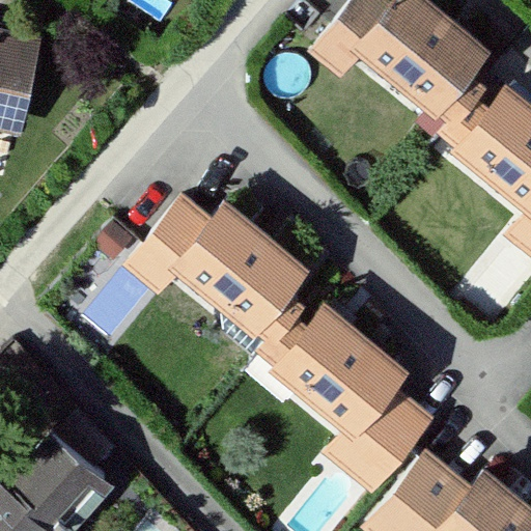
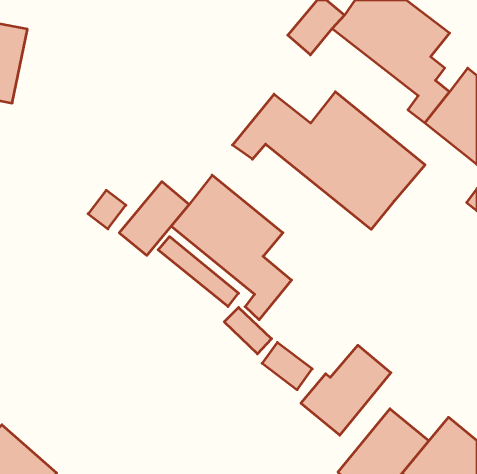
building: none -> [232,92,425,229]
building: [284,303,410,424] -> none
building: [8,426,91,509] -> none

